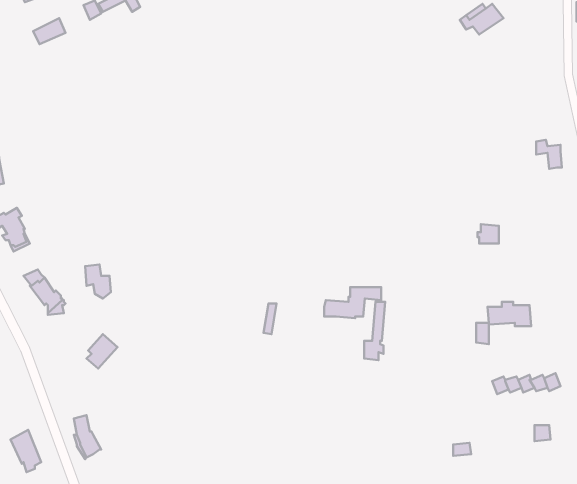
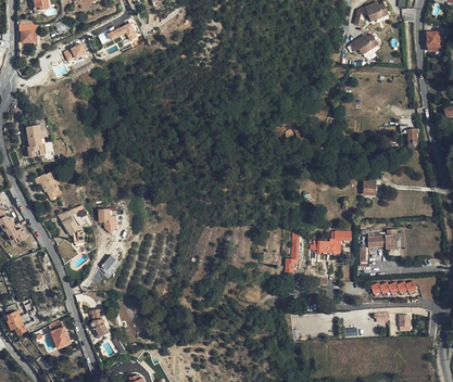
building: [324,287,381,318] -> [313,232,351,253]

